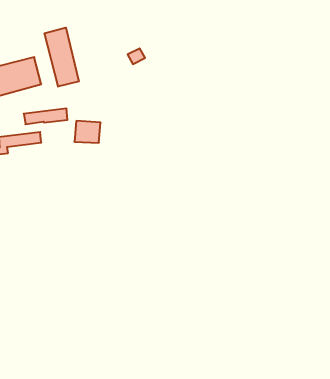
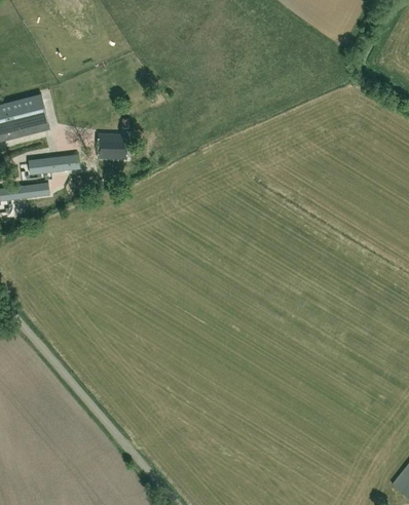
building: [45,28,79,87] -> none
building: [74,121,101,143] -> [98,133,128,159]

